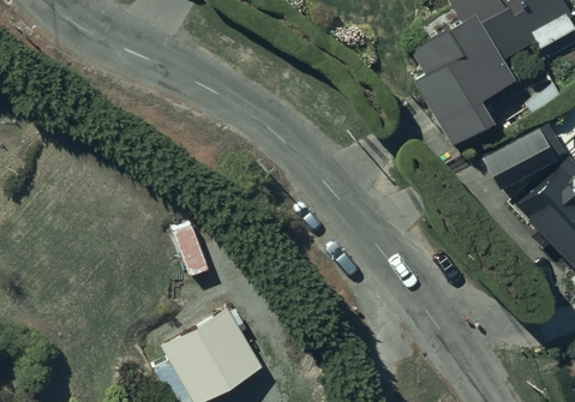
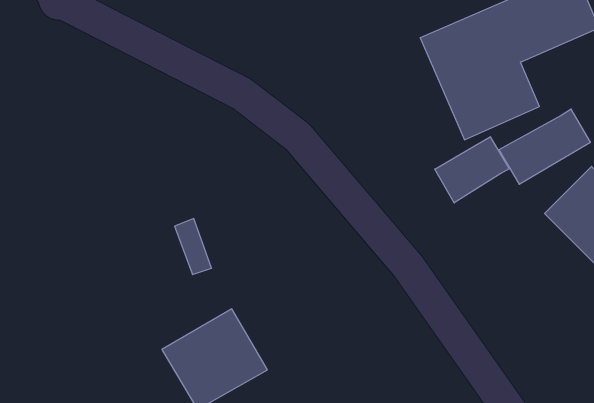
building: none -> [435,137,509,203]

